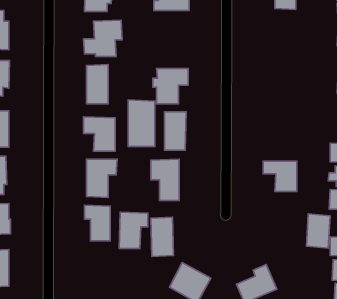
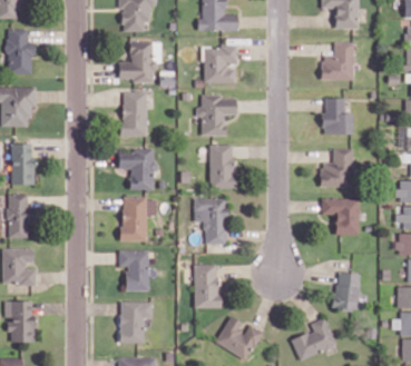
building: none -> [321,41,354,80]
building: none -> [203,46,237,82]
building: none -> [321,98,351,135]
building: [128,100,155,146] -> none
building: none -> [320,148,353,187]
building: [119,212,148,249] -> [119,301,151,343]
building: [306,214,330,248] -> [333,271,360,310]

